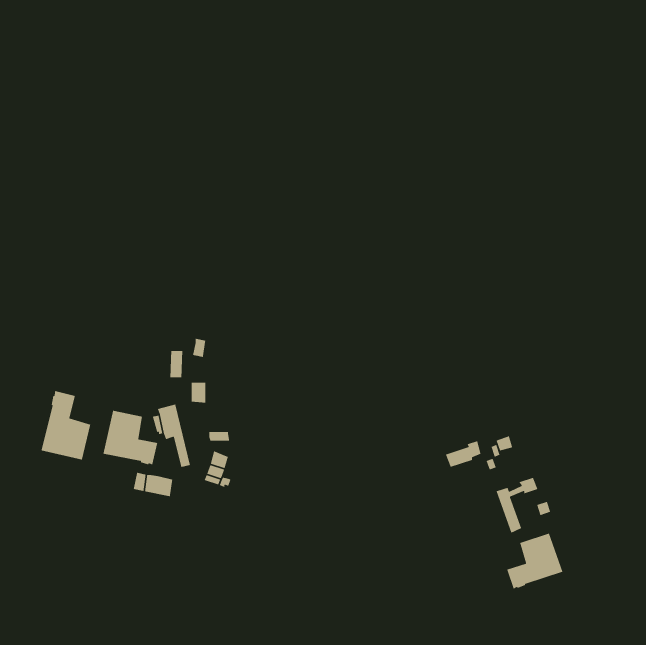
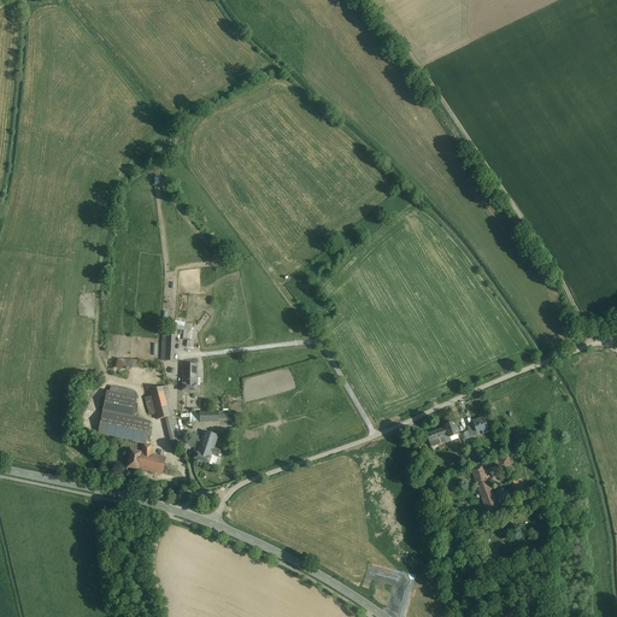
building: [40,390,91,460] -> none
building: [506,532,564,590] -> none

